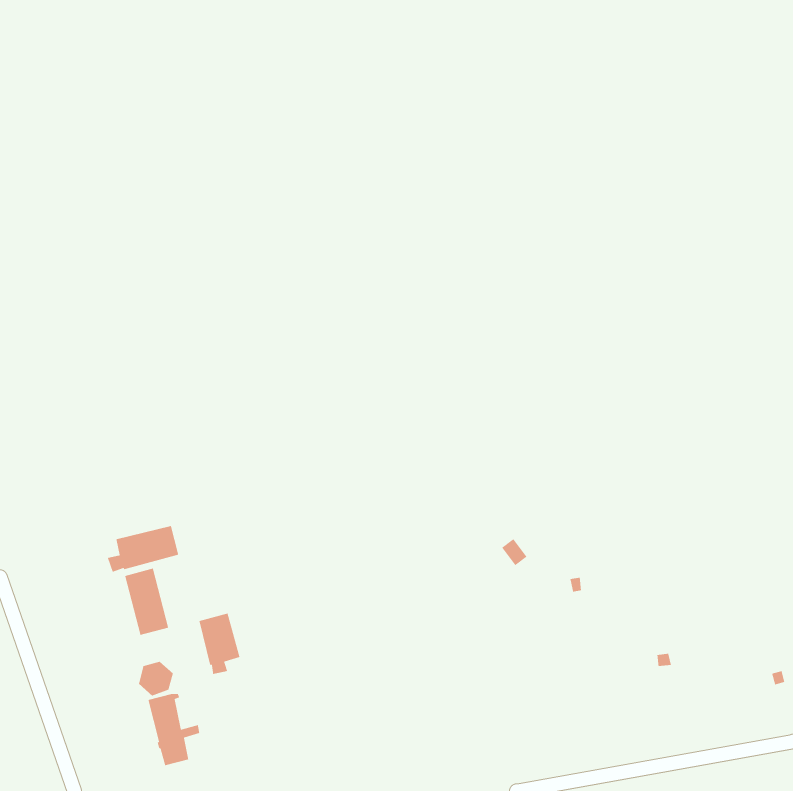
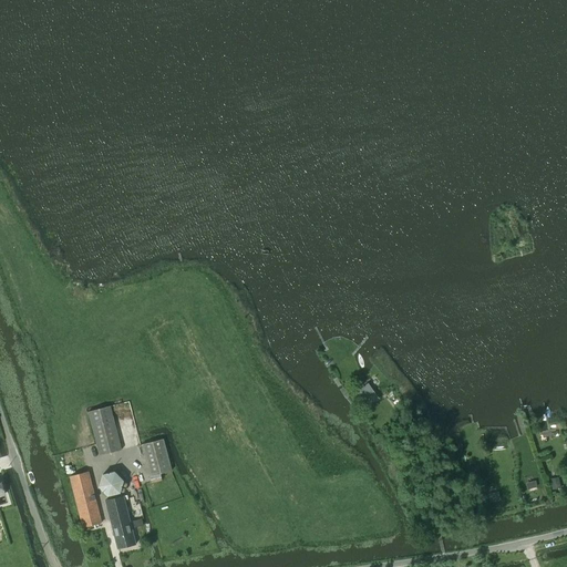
building: [107,525,179,573] -> none
building: none -> [70,472,101,526]

